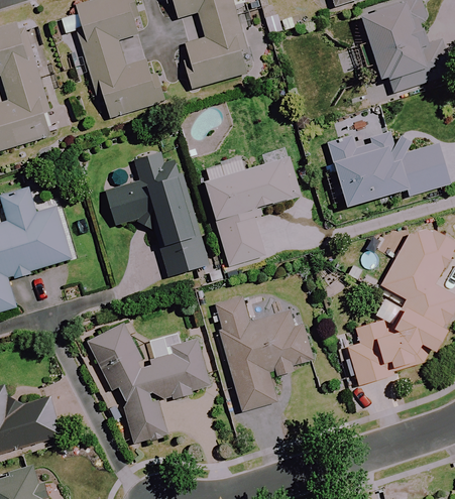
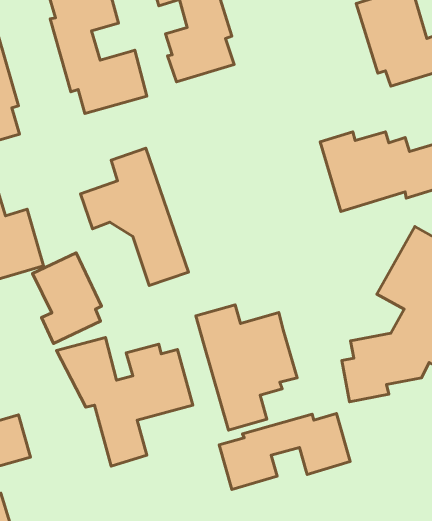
building: [205,157,298,265] -> none
building: none -> [32,253,101,343]
building: none -> [219,413,350,489]

